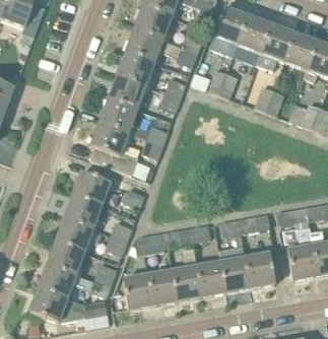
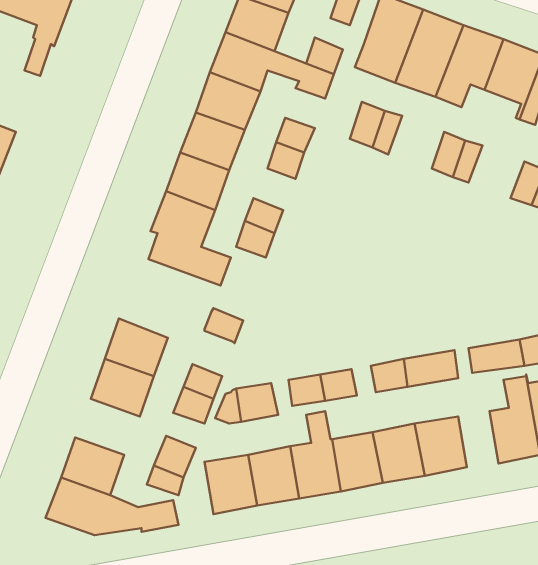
building: [72,172,110,206] -> none
building: [47,242,84,274] -> none

